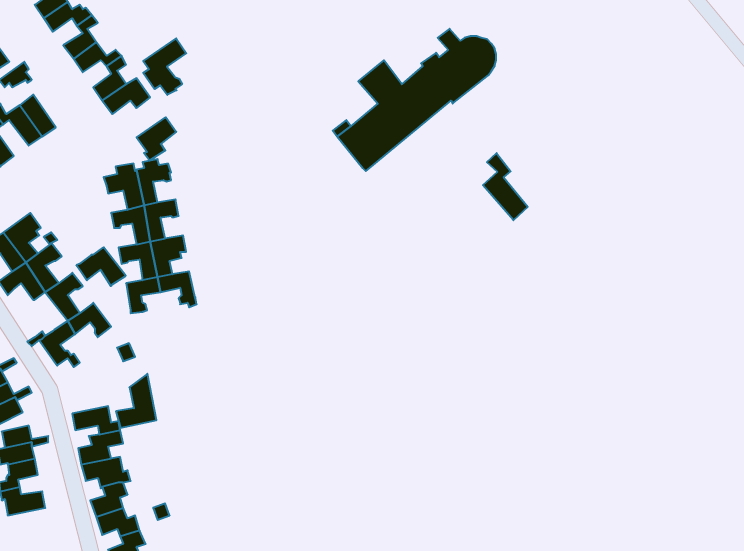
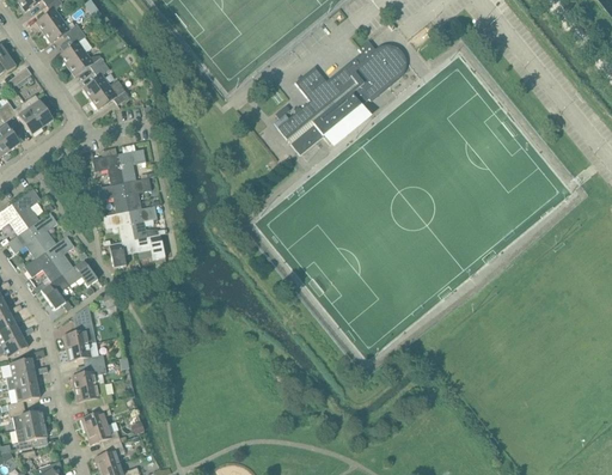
building: [143,38,186,95] -> none
building: [137,117,176,161] -> none
building: [483,153,528,220] -> none
building: [76,247,126,286] -> [23,251,62,282]
building: [116,374,156,428] -> [62,305,94,348]
building: none -> [14,424,47,450]

